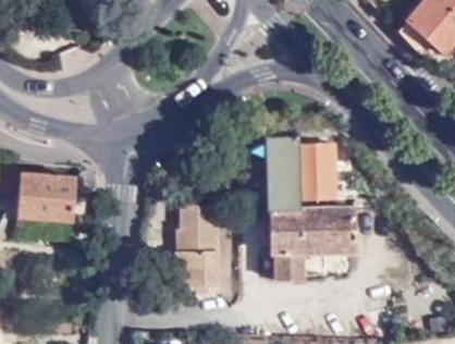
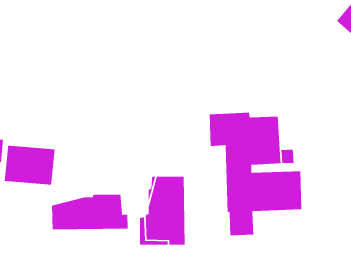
building: none -> [51,194,129,230]

